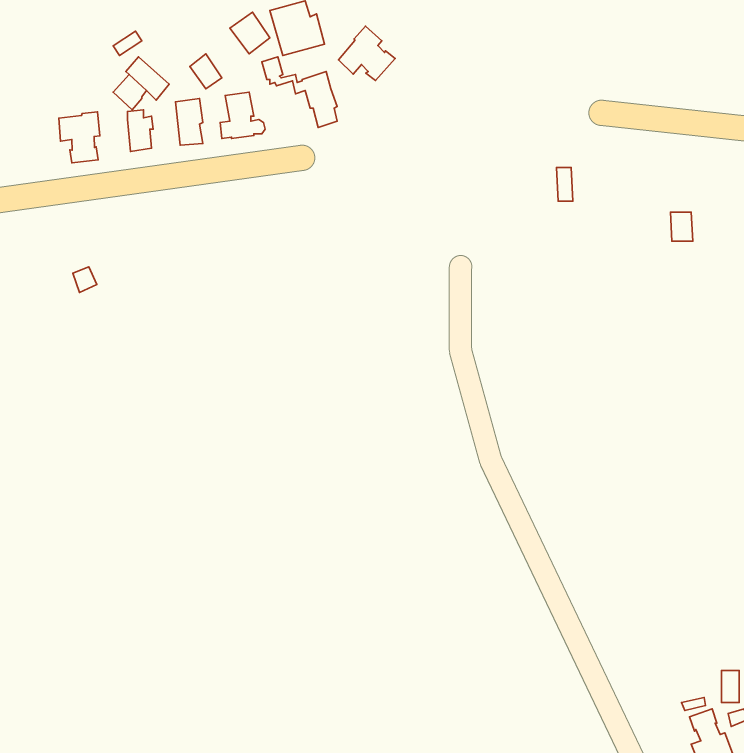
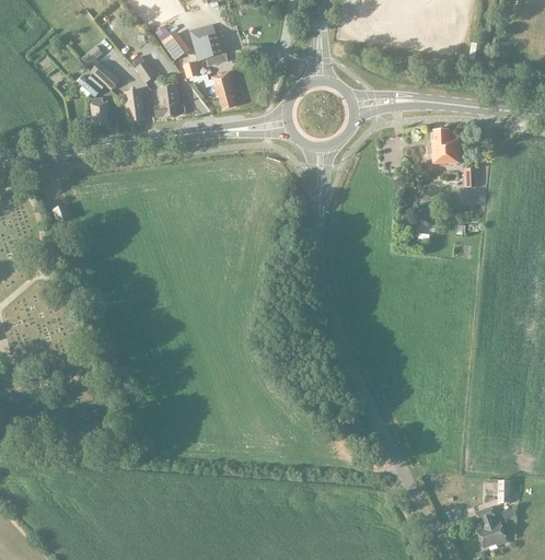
building: [338,26,395,81] -> none
building: [59,112,100,163] -> none
building: none -> [436,128,463,162]

